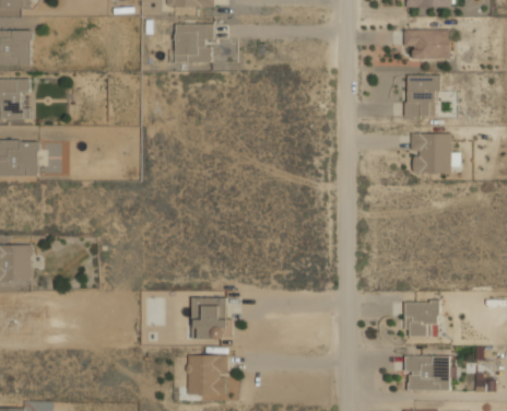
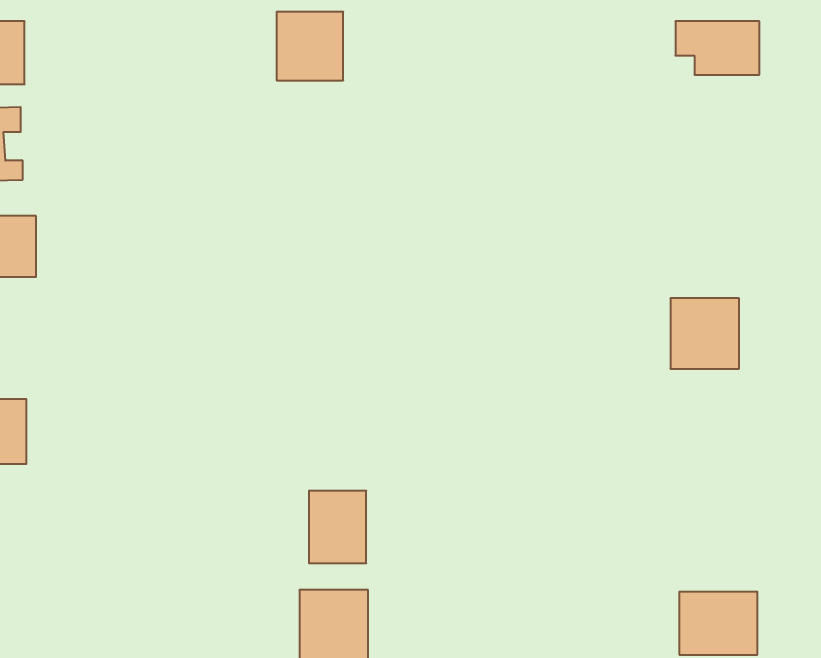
building: [405,77,436,118] -> none
building: [412,133,451,174] -> [670,298,739,369]
building: [404,302,439,338] -> none

